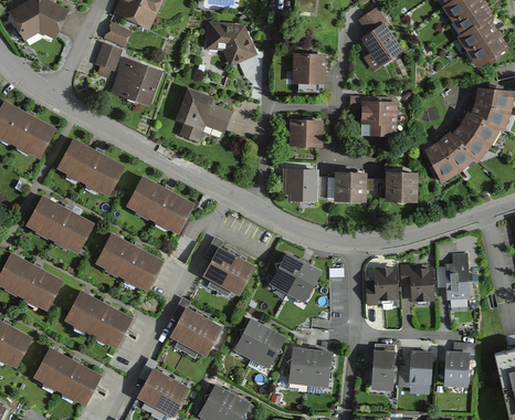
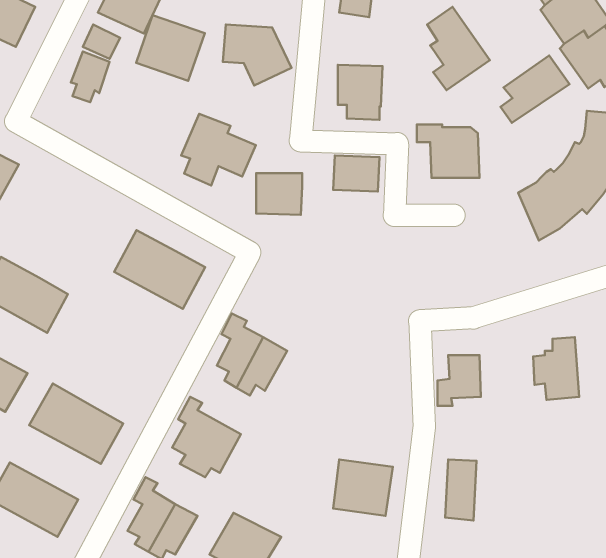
building: none -> [501,56,570,123]
building: [111,59,161,107] -> [136,15,205,81]
building: [57,138,124,196] -> none
building: [334,169,374,202] -> none
building: [283,170,317,201] -> [256,173,302,215]
building: [385,170,418,202] -> none
building: [95,233,164,291] -> none
building: [270,253,322,304] -> none
building: [400,266,434,302] -> none
building: [233,317,286,369] -> none
building: [444,345,473,387] -> none
building: [399,353,432,397] -> none

